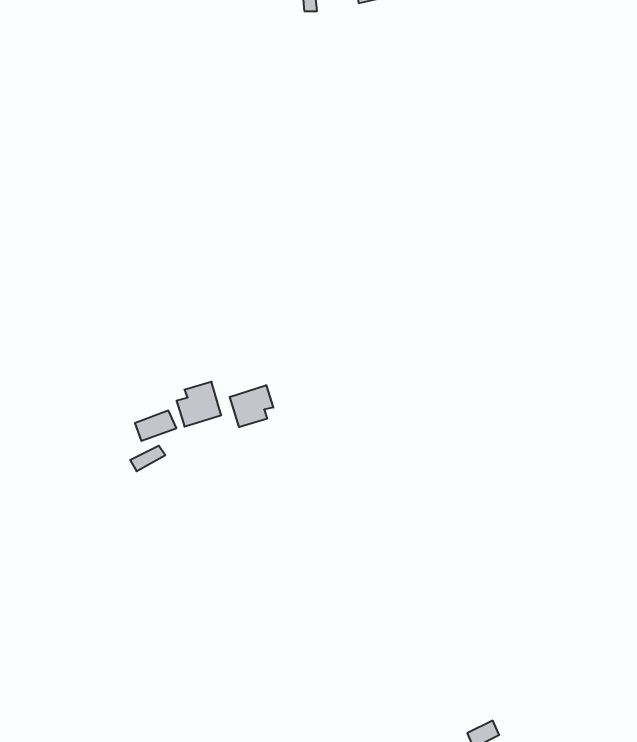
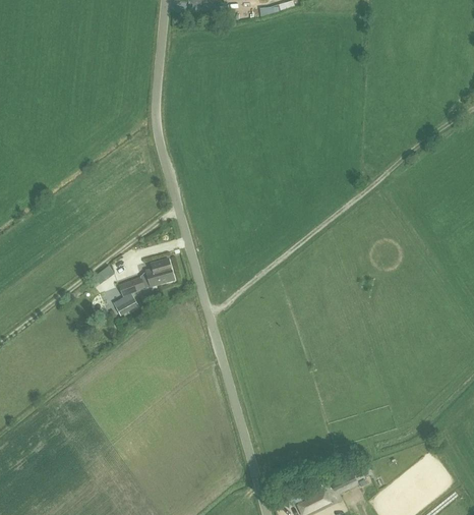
building: [230,385,273,427] -> none

